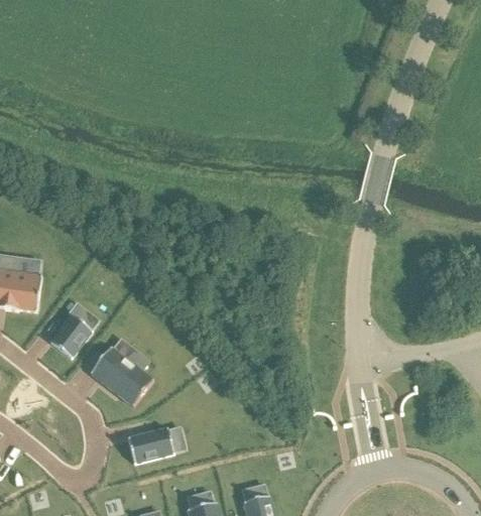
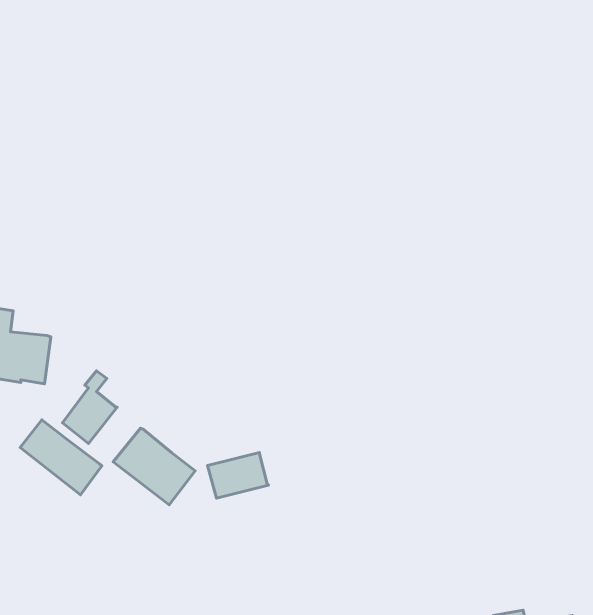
building: none -> [20,420,102,495]
building: [127,427,174,463] -> [207,453,269,498]

